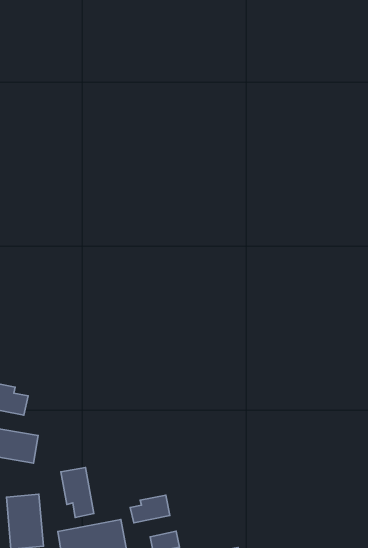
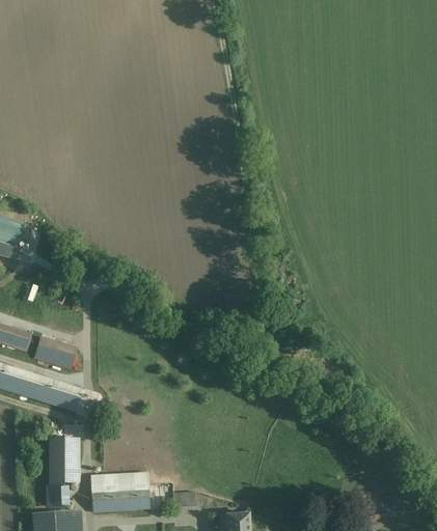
building: [61,467,94,517] -> none
building: [130,495,170,523] -> none

